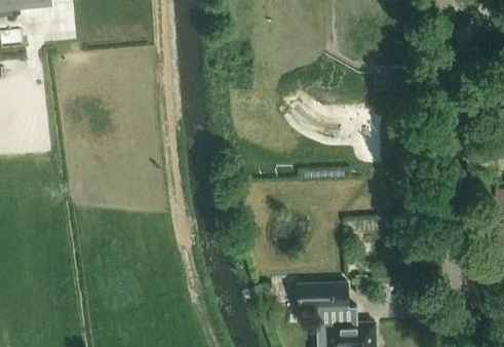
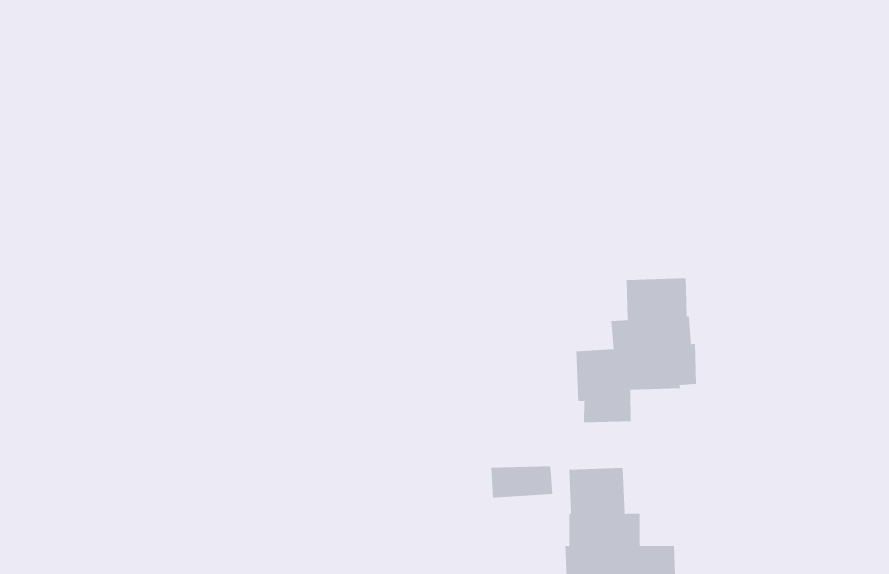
building: none -> [576,278,697,423]

